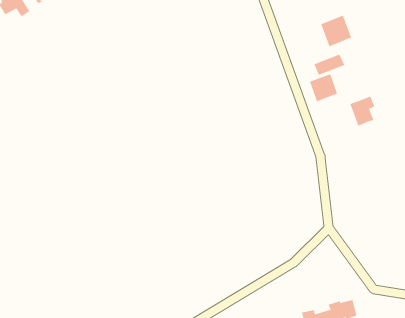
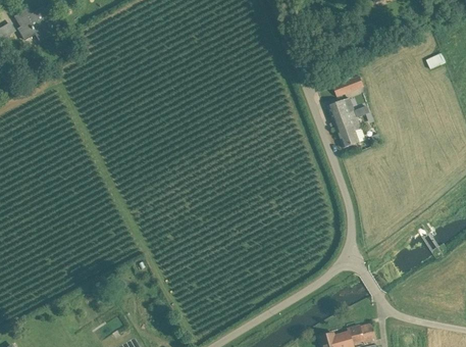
building: [320,15,352,47] -> none
building: [350,96,375,126] -> [334,116,360,147]

